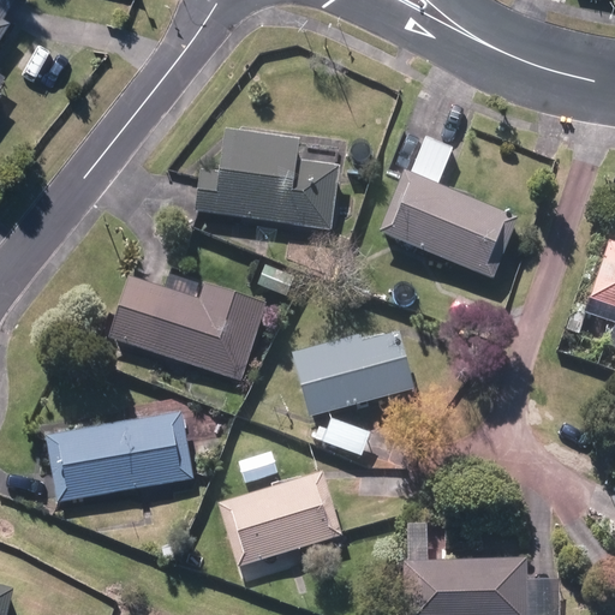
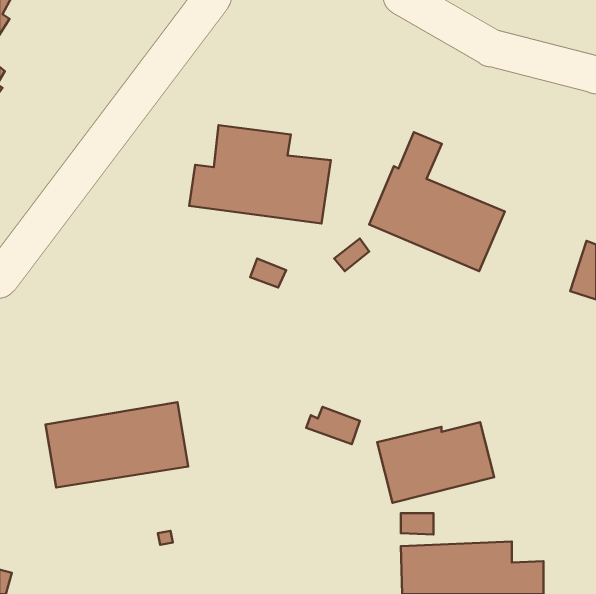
building: [109,276,267,381] -> none
building: [294,332,414,414] -> [377,422,494,503]
building: [220,473,341,566] -> none

